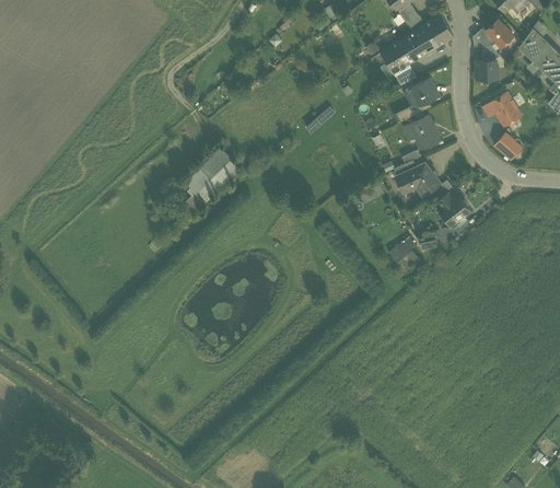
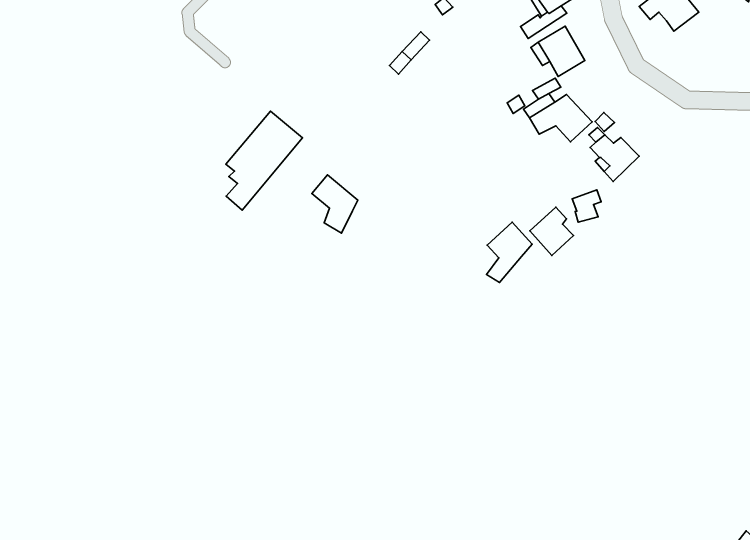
building: [493,131,523,161] -> none
building: none -> [312,175,358,233]
building: none -> [486,222,532,282]

